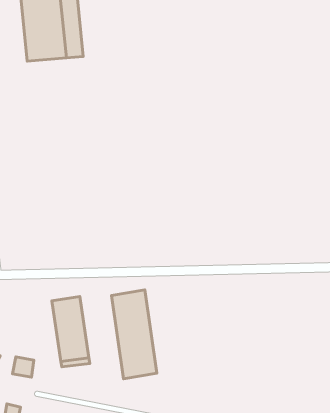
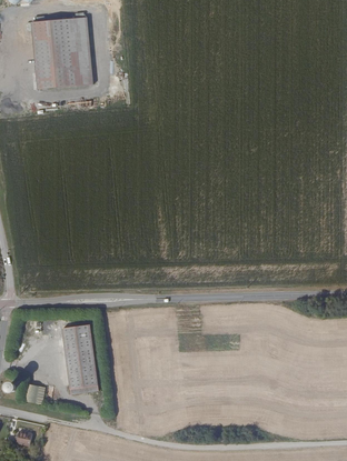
building: [111,290,157,379] -> none

